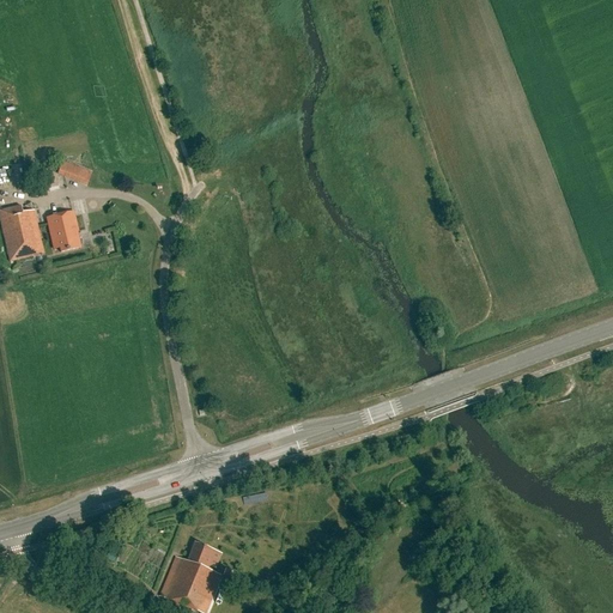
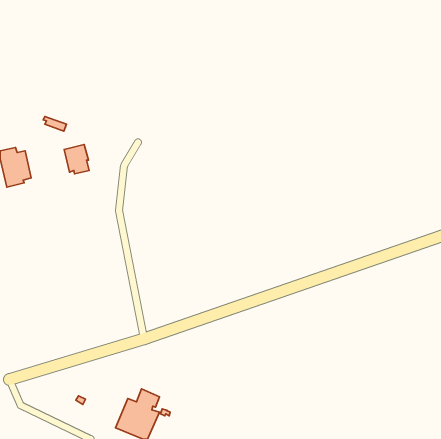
building: [47,210,81,250] -> [64,144,89,174]

